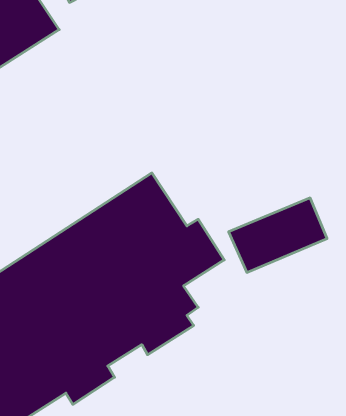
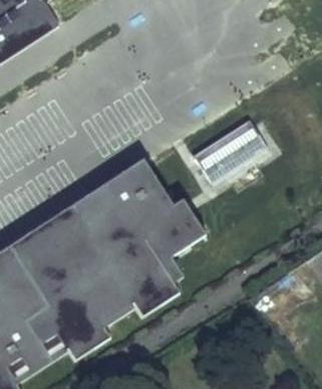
building: [229,198,327,272] -> [188,120,275,186]

